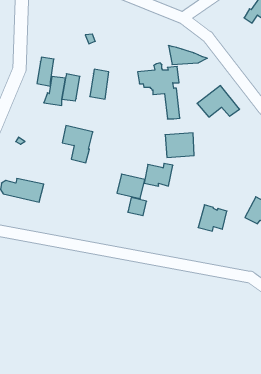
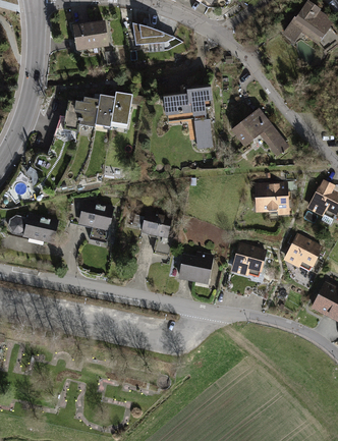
building: none -> [73,22,107,48]
building: [168,46,207,65] -> [131,22,175,44]
building: [37,57,54,86] -> [95,94,114,126]
building: [62,126,93,163] -> [78,201,113,242]
building: [165,133,194,157] -> [255,182,287,210]
building: [144,163,173,186] -> [179,254,212,279]

